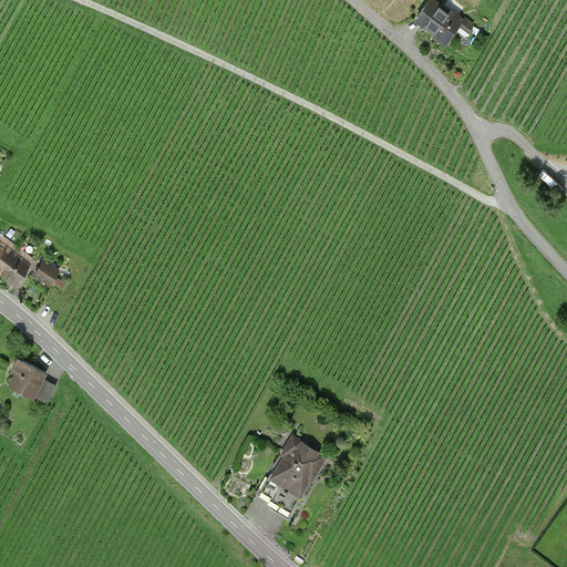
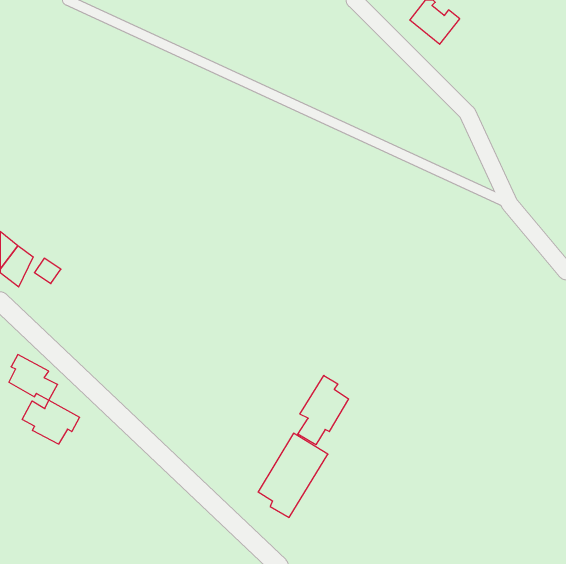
building: none -> [298,375,349,445]
building: none -> [22,400,80,444]

